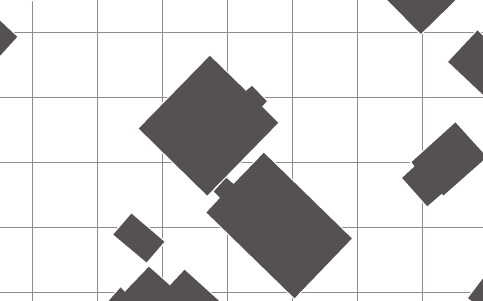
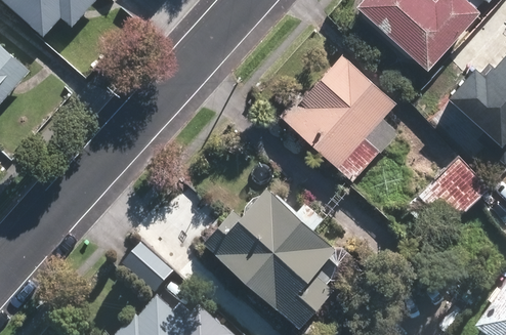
building: none -> [280,51,398,183]
building: [138,55,279,197] -> none

